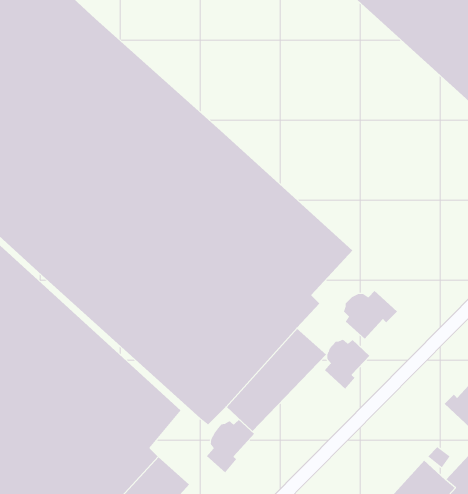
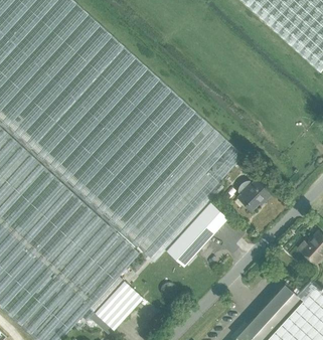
building: [324,339,370,389] -> none
building: [206,419,255,473] -> none

